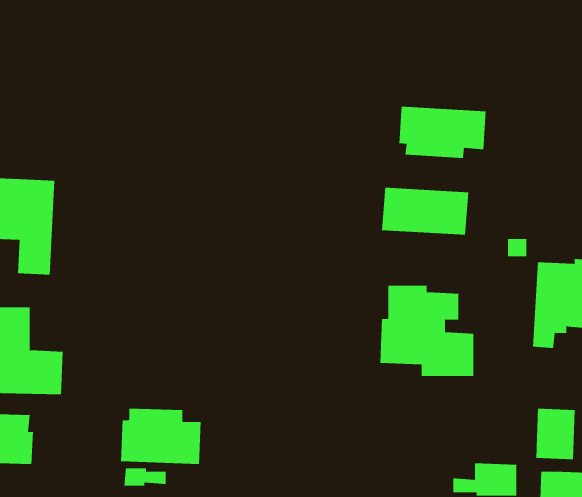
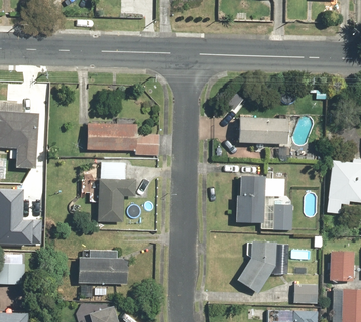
building: [399,106,486,159] -> none
building: none -> [86,123,159,156]
building: none -> [97,162,135,222]
building: none -> [237,240,289,293]

